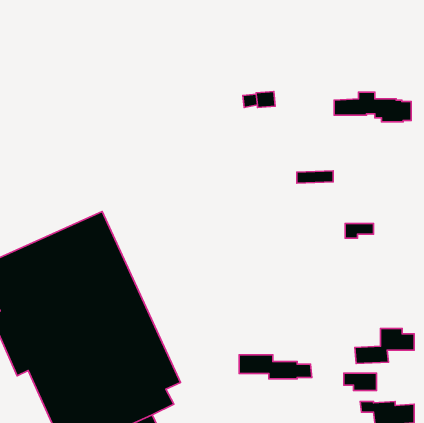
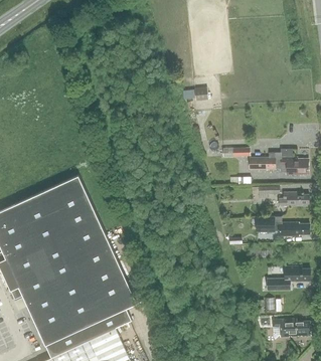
building: [334,92,411,122] -> [252,153,309,175]
building: none -> [280,192,310,206]
building: [239,355,312,379] -> [257,217,311,235]

